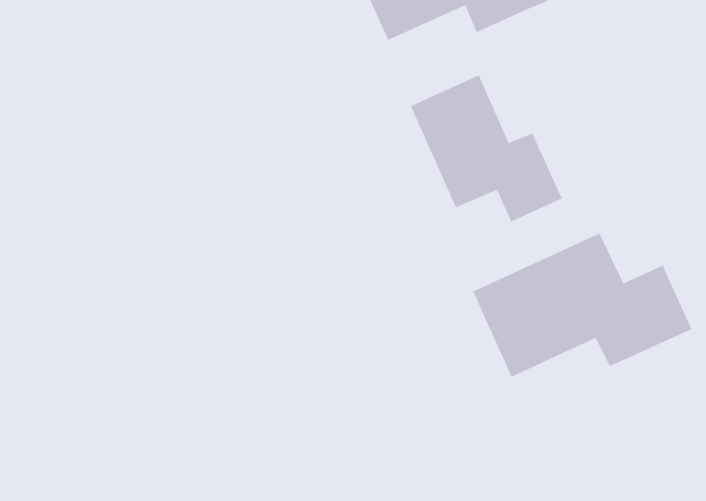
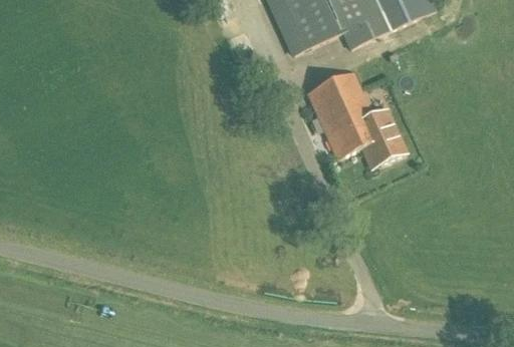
building: [472,233,693,378] -> none

